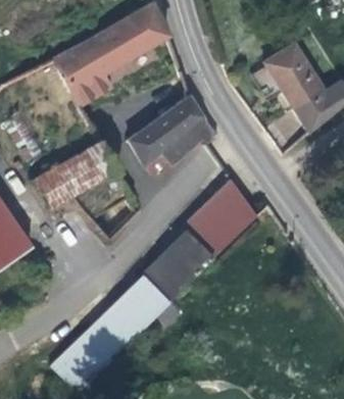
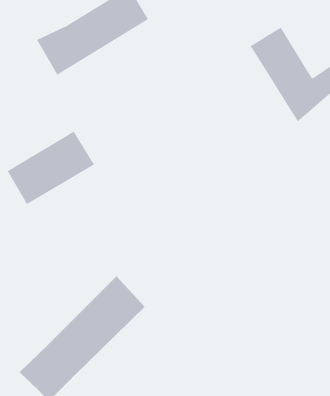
building: [132,95,216,173] -> none
building: [139,181,258,305] -> none

